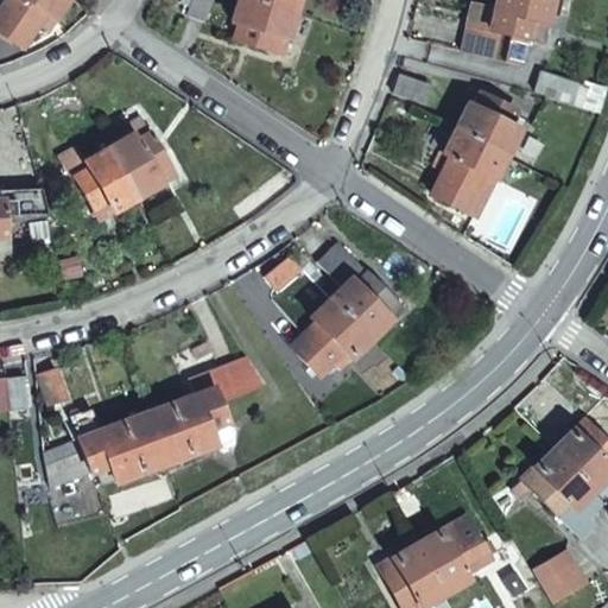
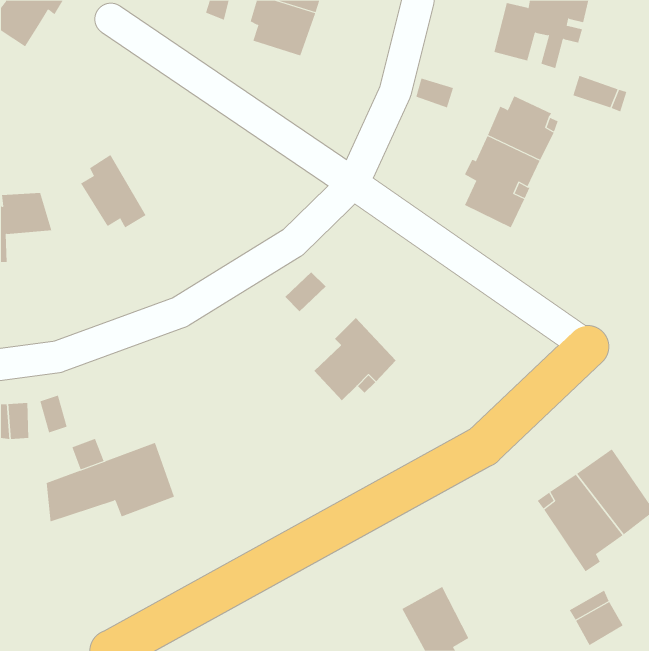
building: [106,113,177,201] -> none
building: [319,243,401,336] -> none
building: [147,355,272,463] -> none
building: [414,518,488,595] -> none

